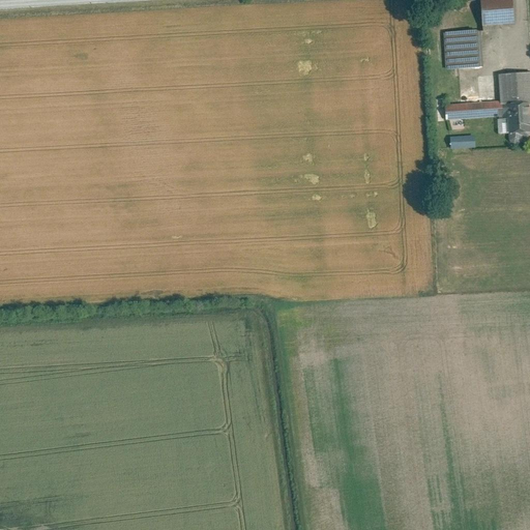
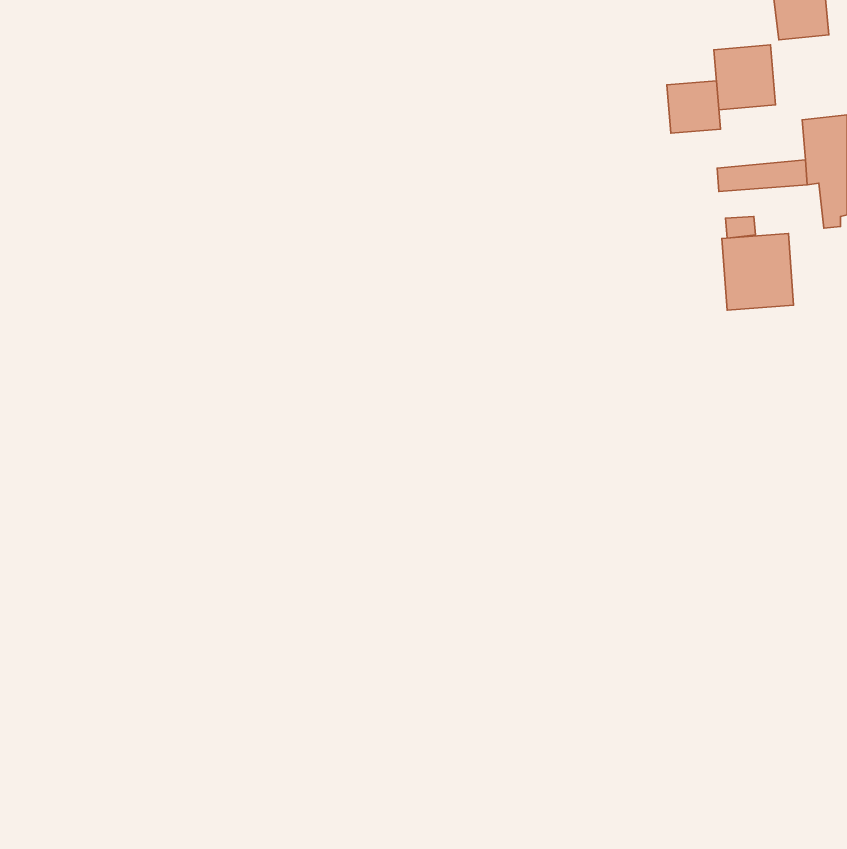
building: none -> [667,81,720,133]
building: none -> [722,233,794,310]

